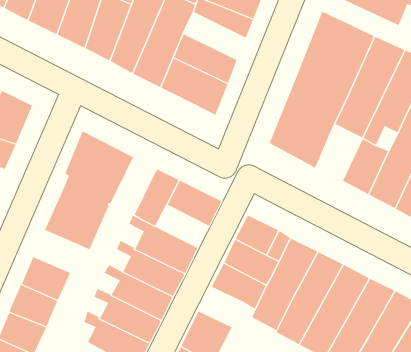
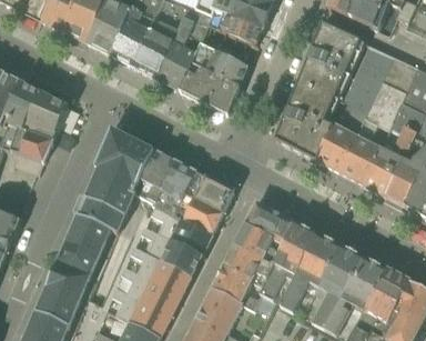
building: none -> [316,121,357,171]
building: none -> [136,150,176,201]
building: none -> [175,192,223,230]
building: none -> [68,214,111,252]
building: none -> [213,264,261,307]

